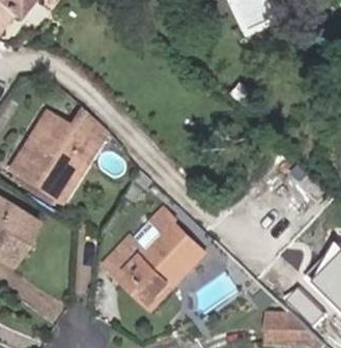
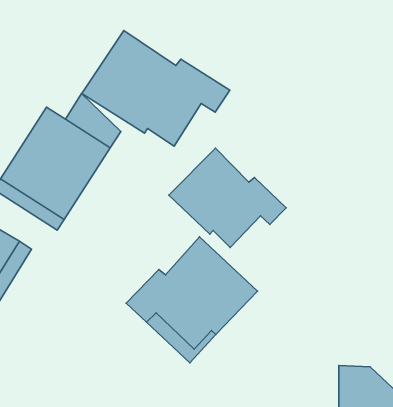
building: none -> [82,30,230,146]
building: none -> [169,148,286,248]

